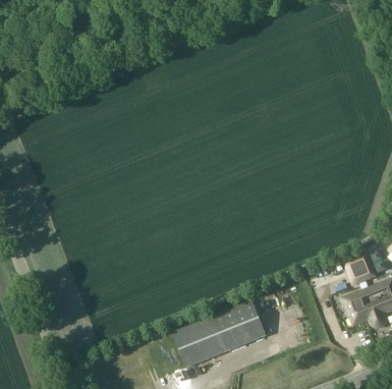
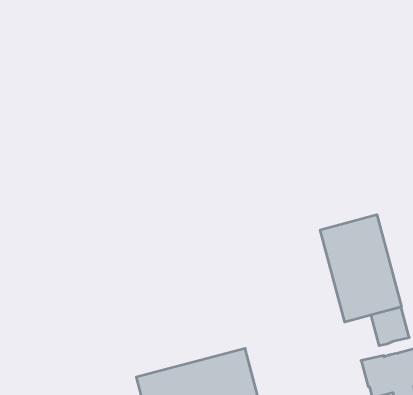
building: none -> [320,215,401,322]

